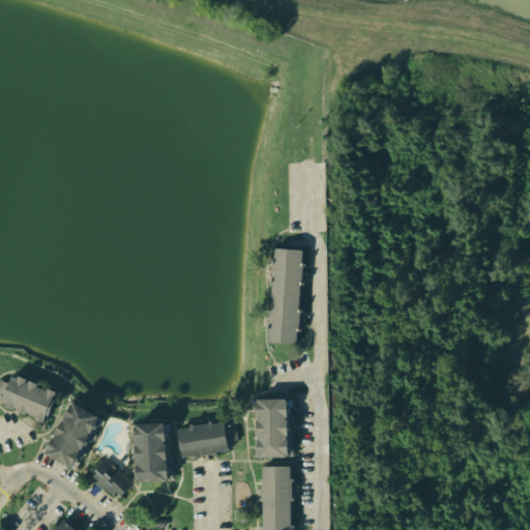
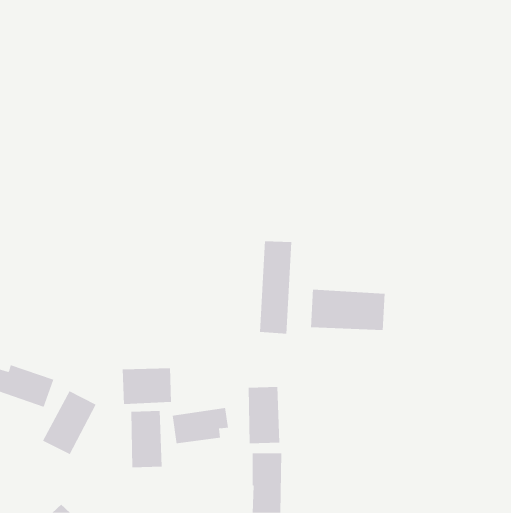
building: none -> [310,289,385,331]
building: none -> [122,368,172,405]
building: [90,460,131,500] -> none

